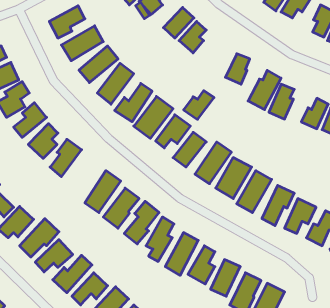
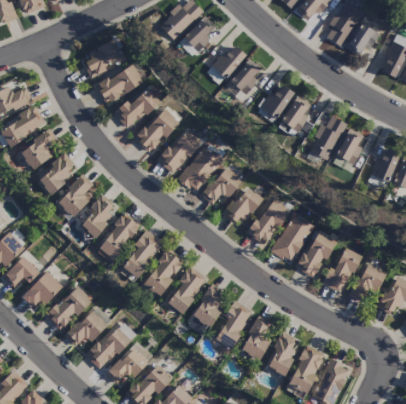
building: [184,91,214,119] -> [260,85,295,118]
building: none -> [98,213,141,261]

